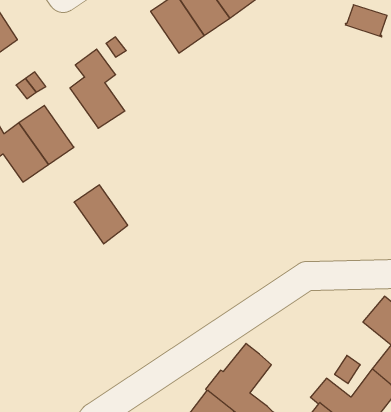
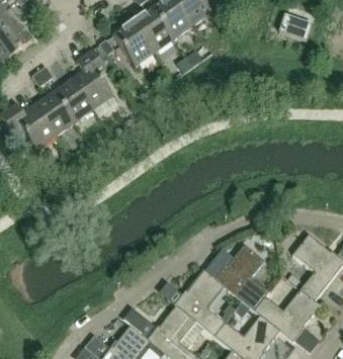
building: none -> [113,20,154,66]
building: [74,185,128,244] -> [53,78,93,122]
building: none -> [215,245,269,310]

